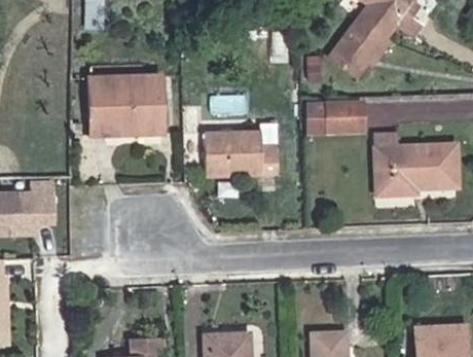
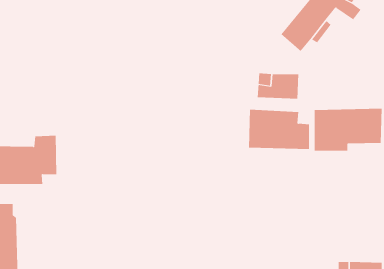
building: [87,64,150,126] -> none
building: [199,129,271,176] -> [248,109,310,150]

